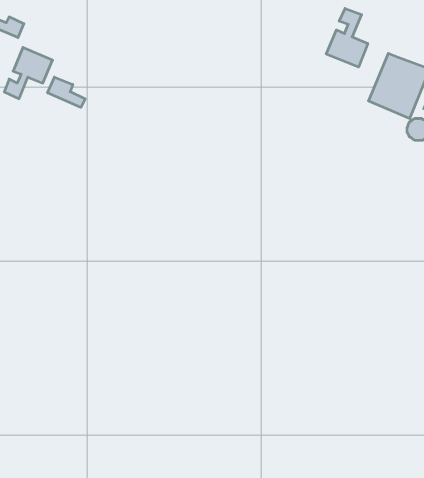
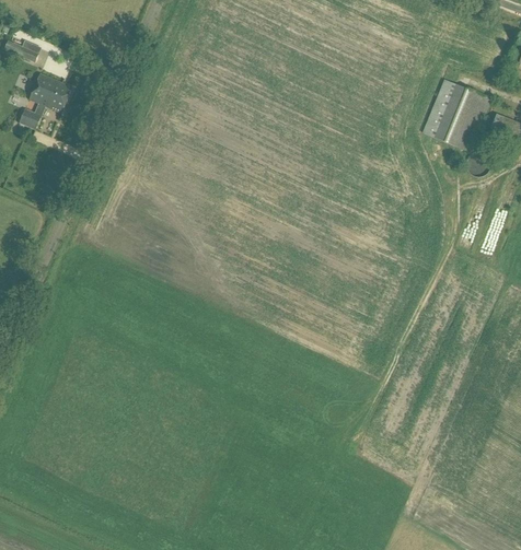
building: [326,8,368,67] -> none
building: [48,77,85,107] -> none

